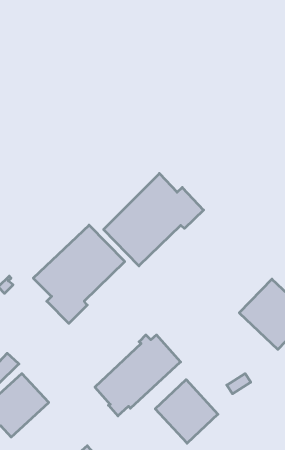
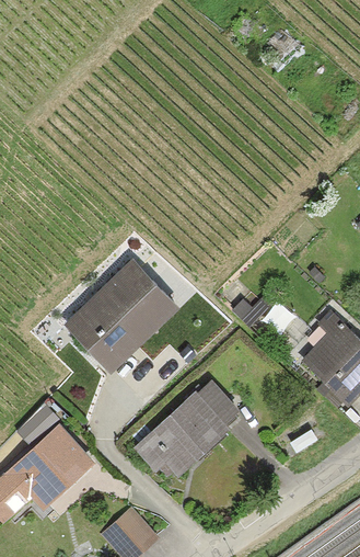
building: [104,173,204,266] -> none
building: [155,380,218,443] -> none

